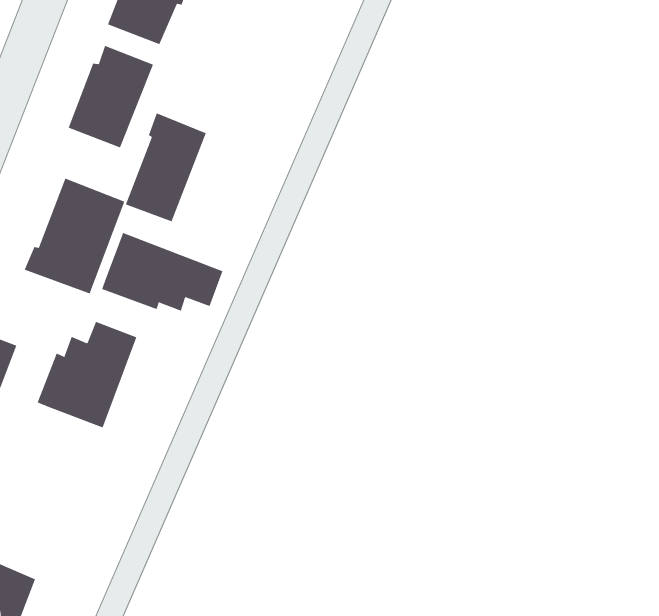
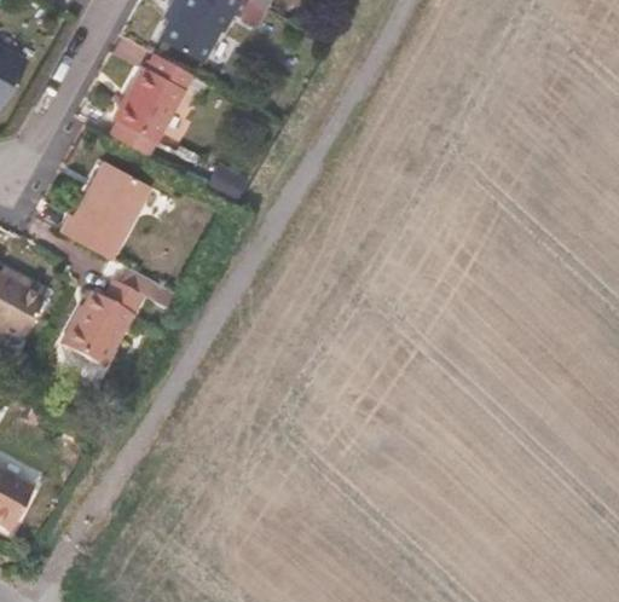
building: [125,112,207,222] -> none
building: [102,232,223,312] -> none

